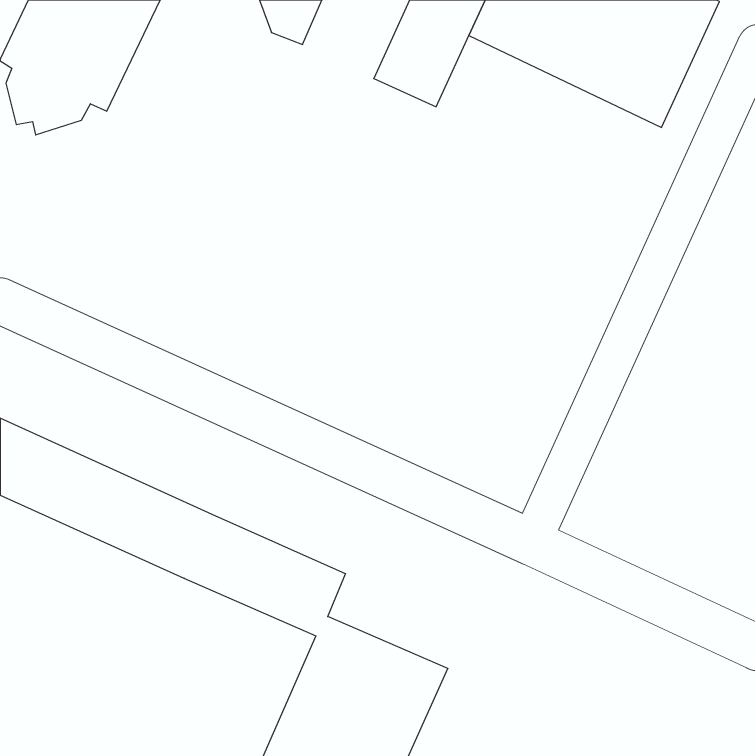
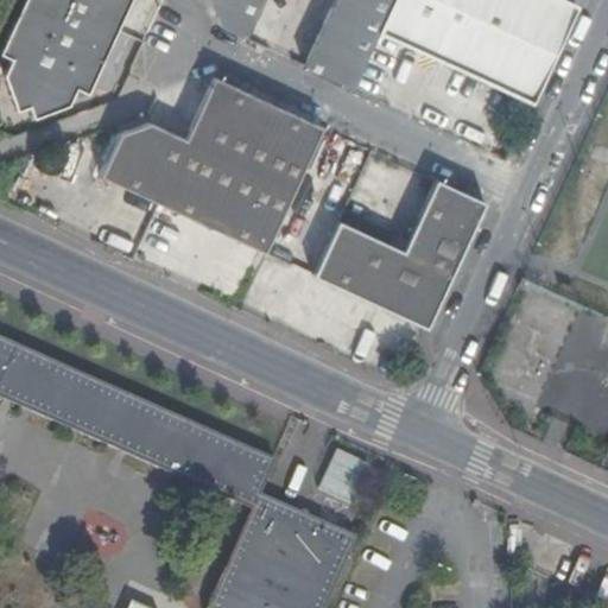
building: none -> [100,74,322,251]
building: none -> [316,179,487,327]

